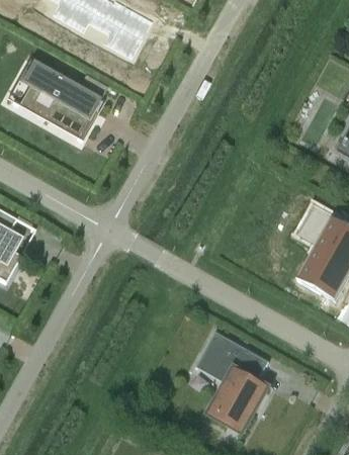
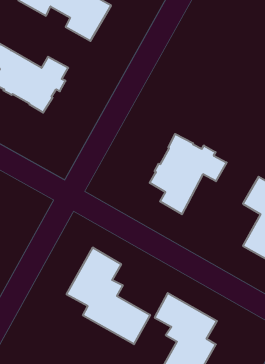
building: none -> [150,134,227,214]
building: none -> [67,247,150,344]

